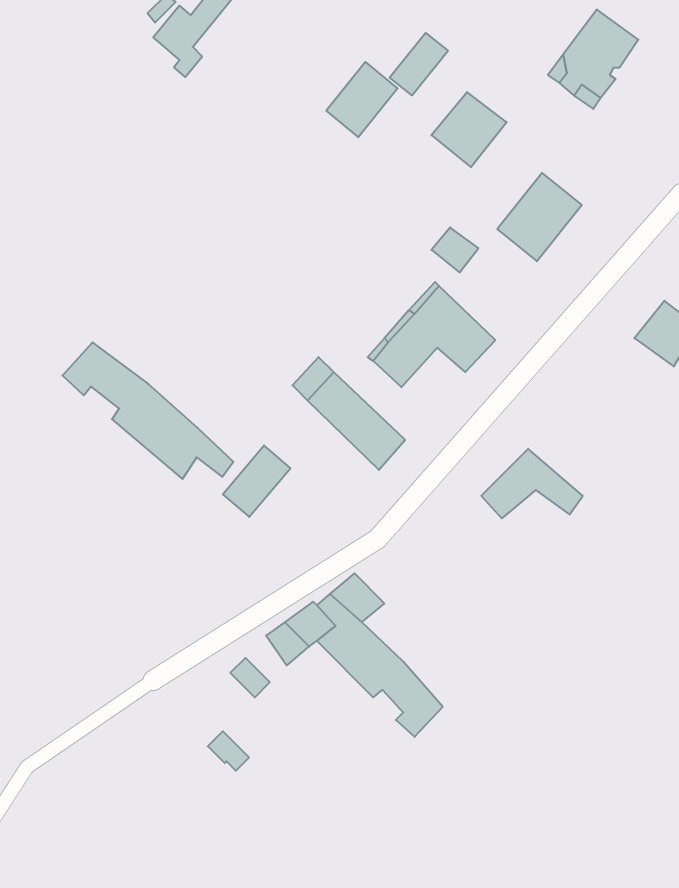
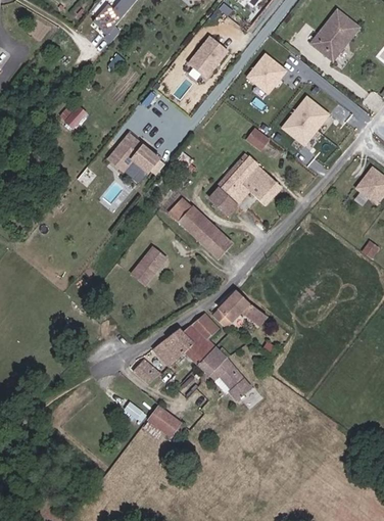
building: [390,33,448,95] -> none
building: none -> [58,104,89,129]
building: none -> [107,133,157,172]
building: [62,342,233,479] -> none
building: [481,449,583,518] -> [211,289,267,327]
building: none -> [144,406,180,438]

